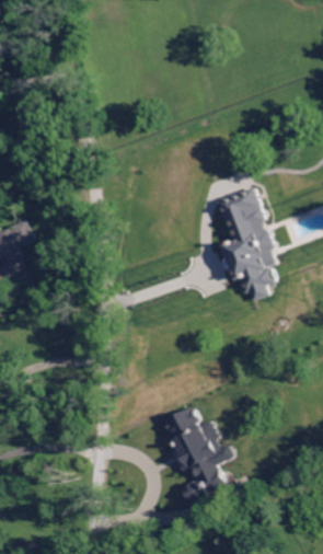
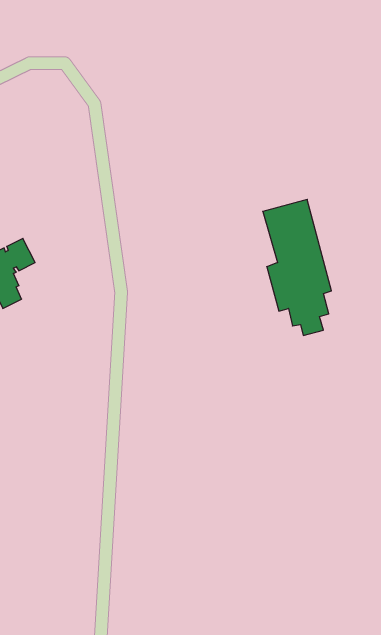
building: [163,407,232,493] -> none

